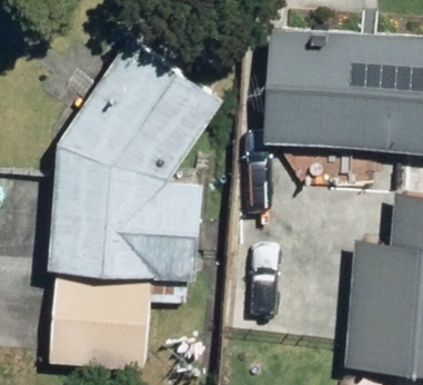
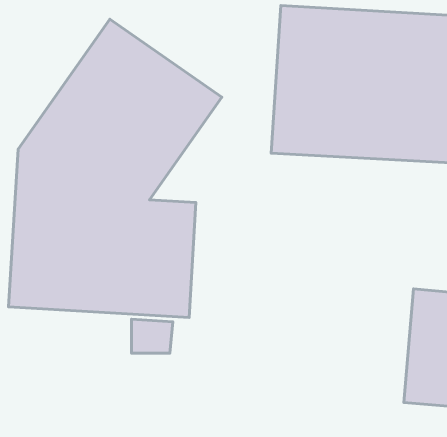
building: [47,278,147,372] -> none

